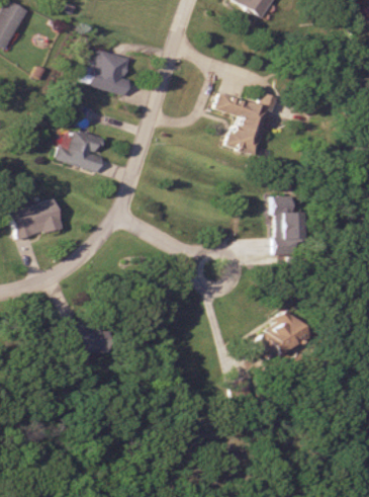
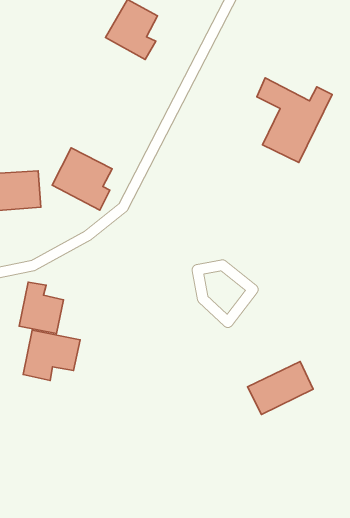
building: [58,127,104,172] -> [52,148,112,210]
building: [273,195,300,252] -> none
building: none -> [19,282,63,333]

